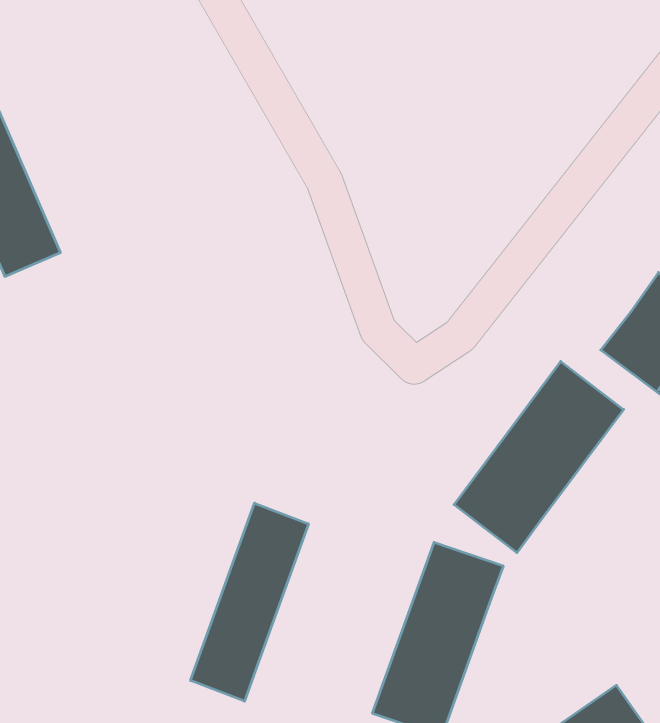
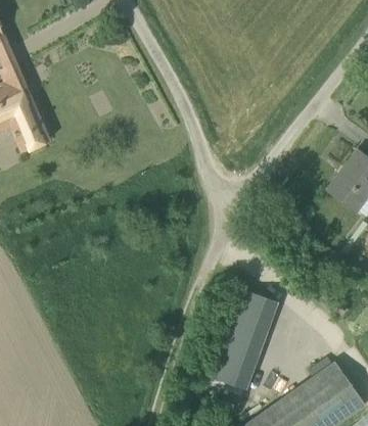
building: [454,361,624,553] -> none
building: [191,503,308,701] -> none

